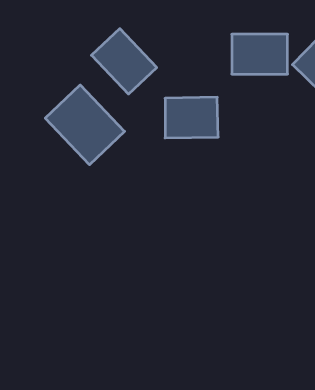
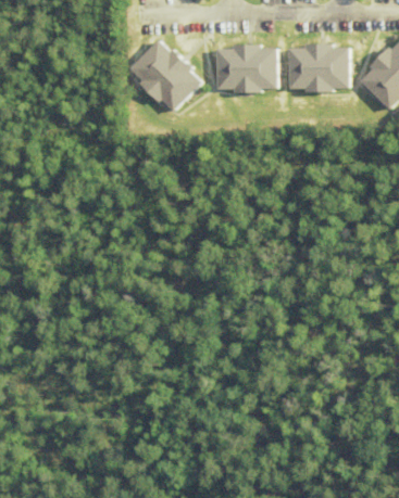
building: [45,85,125,165] -> none
building: [165,97,218,138] -> [215,44,276,91]

